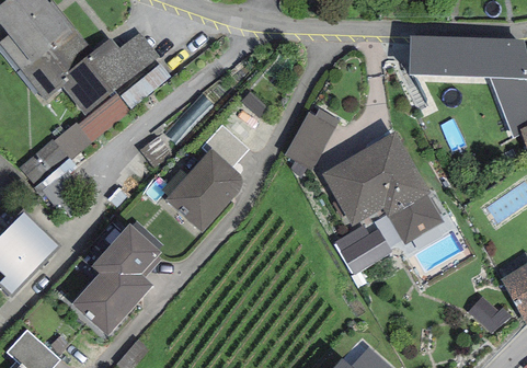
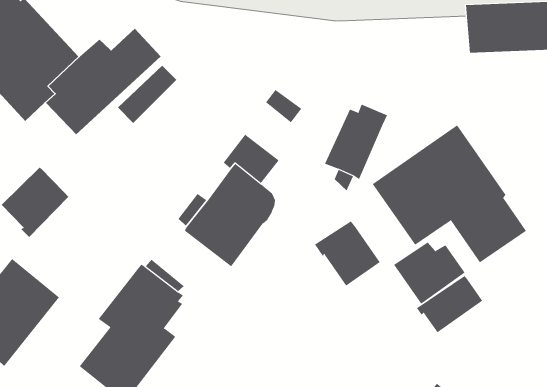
building: [54,93,130,160] -> none
building: none -> [314,220,380,286]
building: none -> [416,275,483,333]

